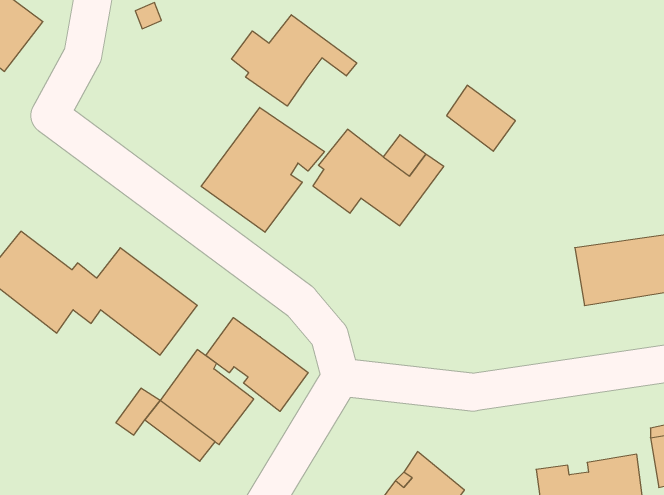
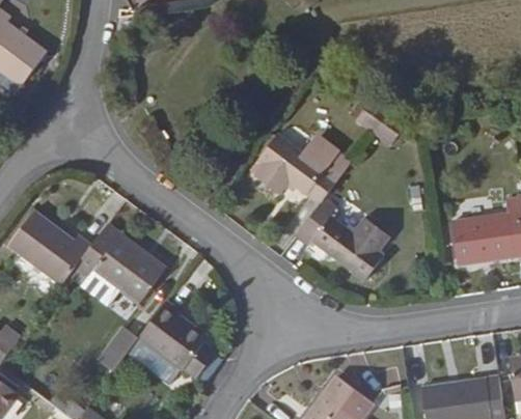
building: [232,15,357,106] -> none
building: [201,107,324,232] -> none
building: none -> [298,205,393,282]
building: [206,318,308,411] -> none

